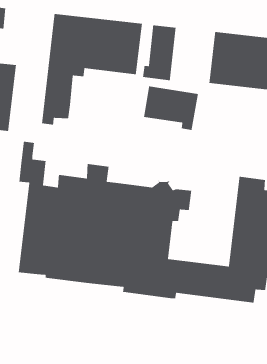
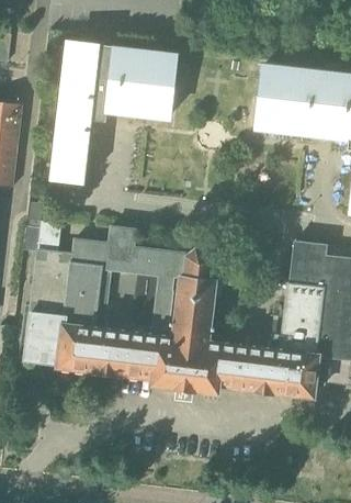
building: [142,25,177,81] -> none
building: [143,86,199,131] -> none

